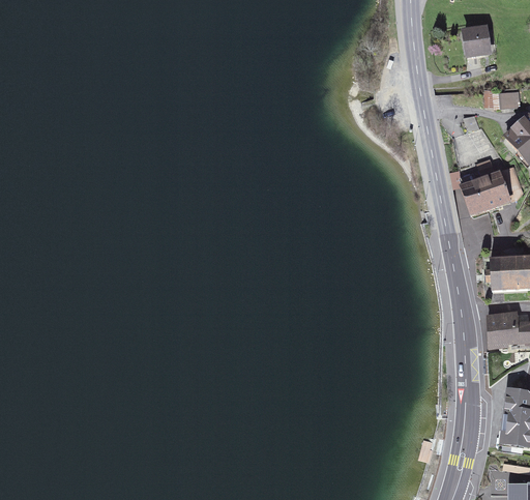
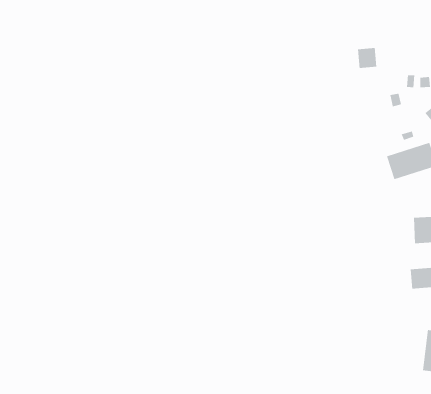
building: [465,28,489,53] -> [357,48,377,69]

